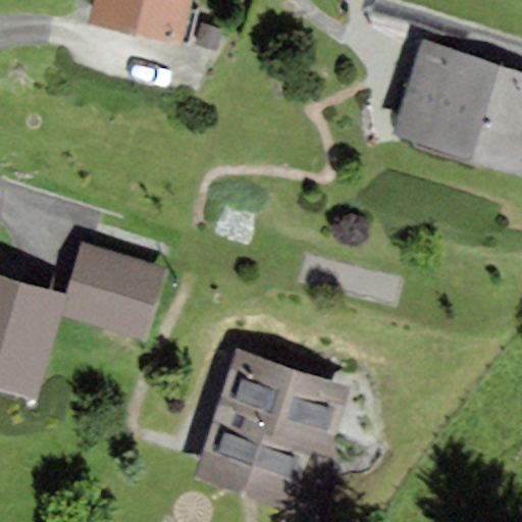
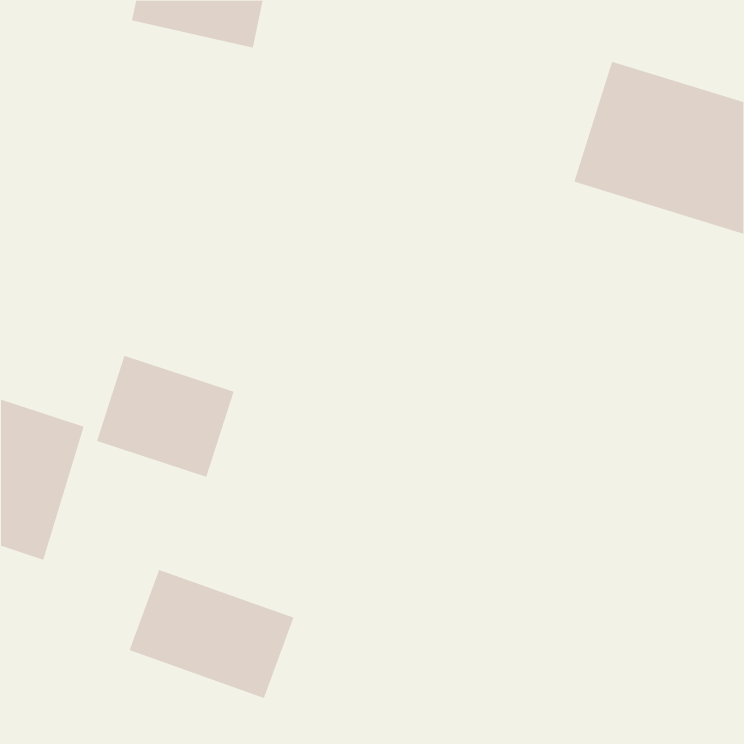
building: [199,355,344,512] -> none
building: none -> [129,569,294,699]

